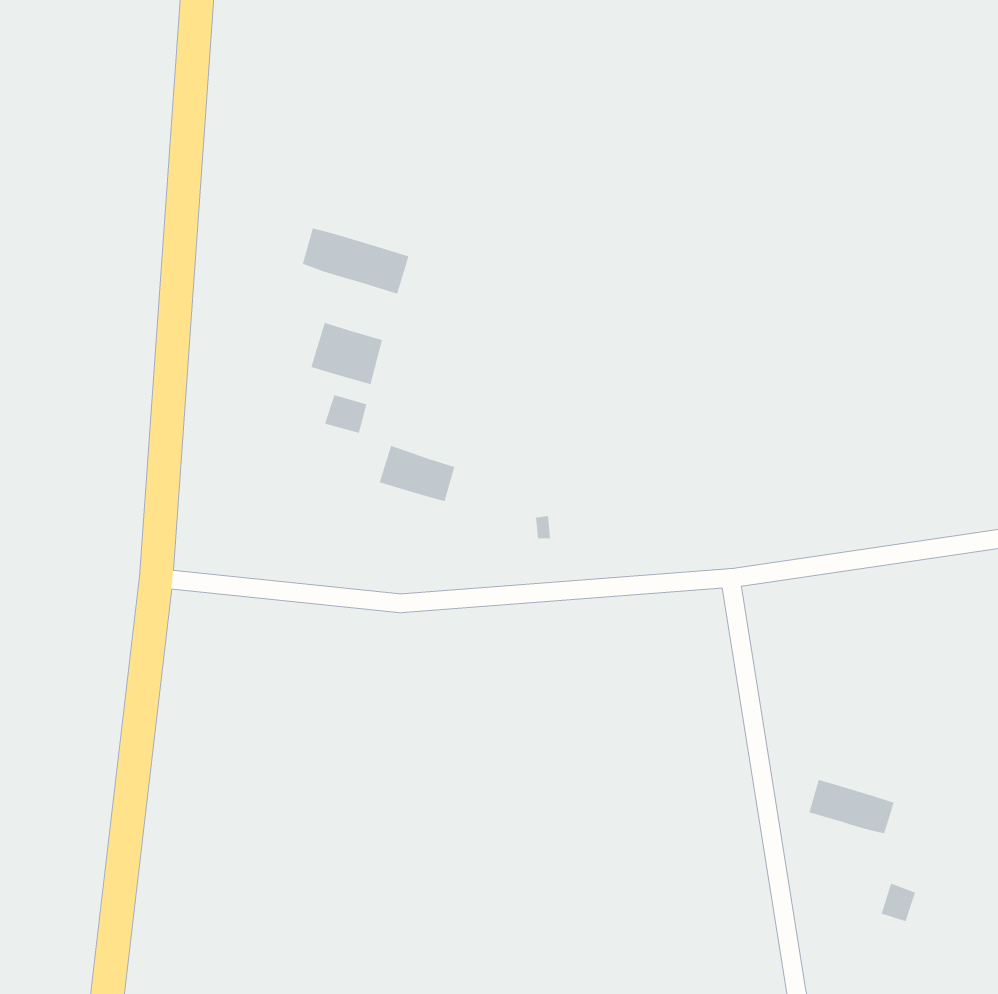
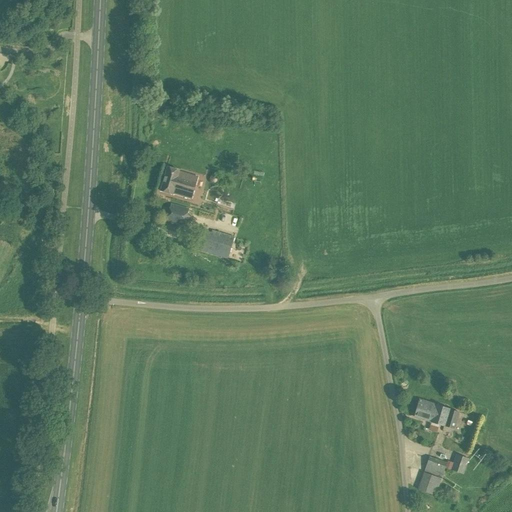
building: [302,227,409,294] -> none
building: none -> [417,454,447,494]

